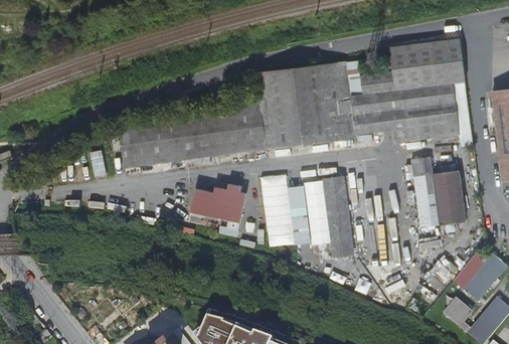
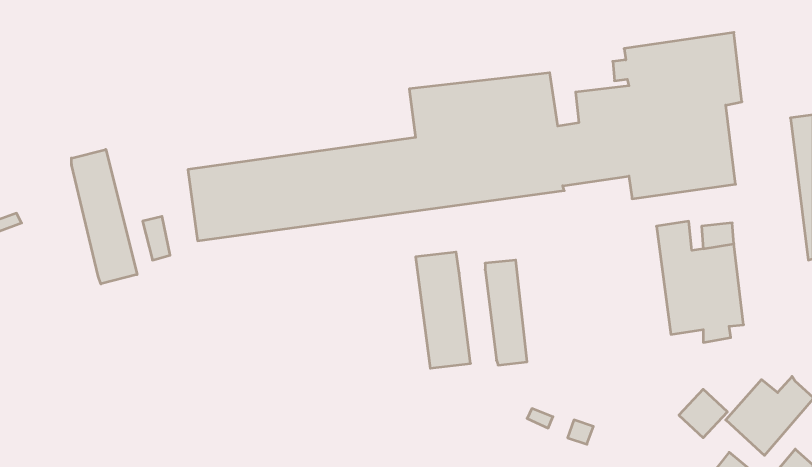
building: none -> [71,149,137,284]
building: [323,176,354,259] -> none
building: [190,184,246,224] -> none
building: [288,186,311,244] -> none

